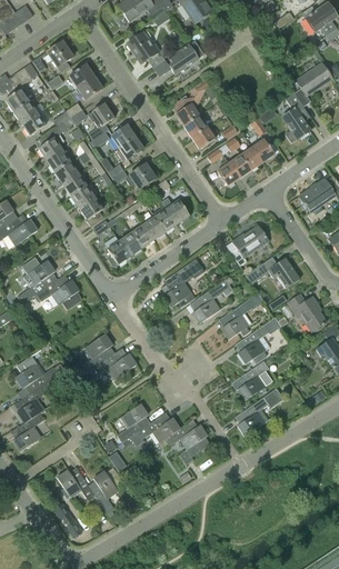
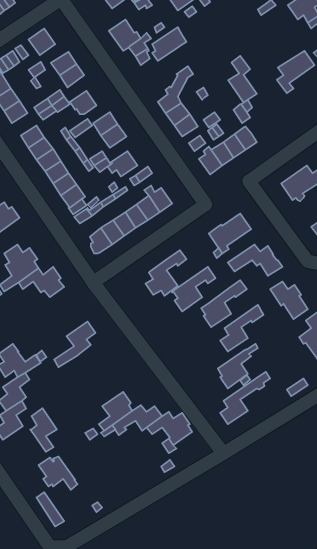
building: [282,91,311,138] -> [228,56,257,103]
building: [94,351,137,378] -> none
building: [92,469,119,512] -> [30,408,57,452]

